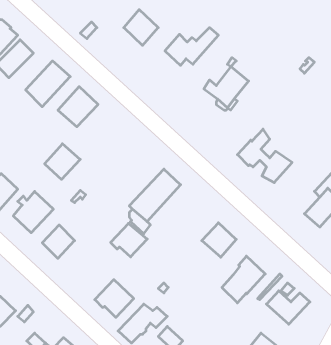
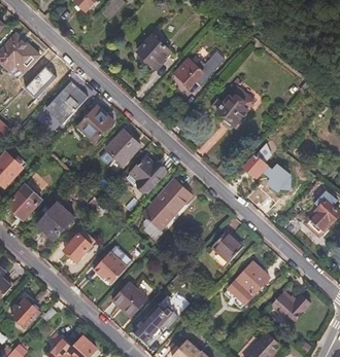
building: none -> [130,157,167,193]
building: [45,144,80,179] -> [107,131,140,164]
building: [111,223,147,257] -> [93,252,127,283]

